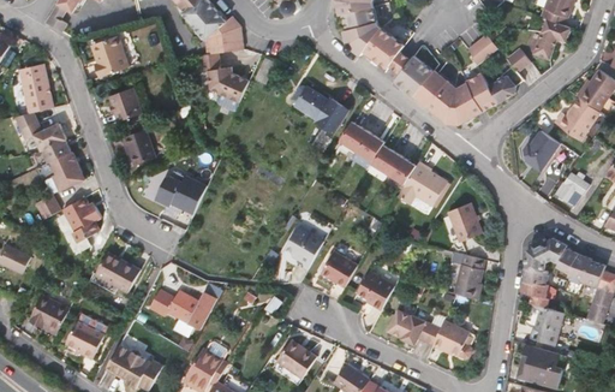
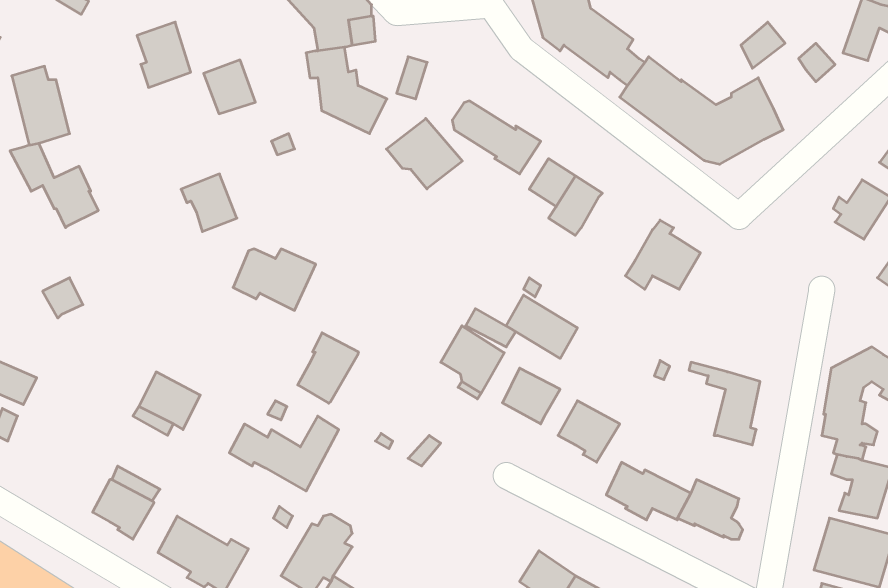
building: [491,65,524,102] -> none
building: [108,87,141,120] -> [204,60,255,114]
building: none -> [386,118,462,189]
building: [371,144,416,184] -> [506,295,577,358]
building: [50,152,84,191] -> none
building: [62,197,102,255] -> none
building: [448,203,483,243] -> none
building: none -> [298,333,358,403]
building: [31,292,70,328] -> none
building: [276,340,316,379] -> none

